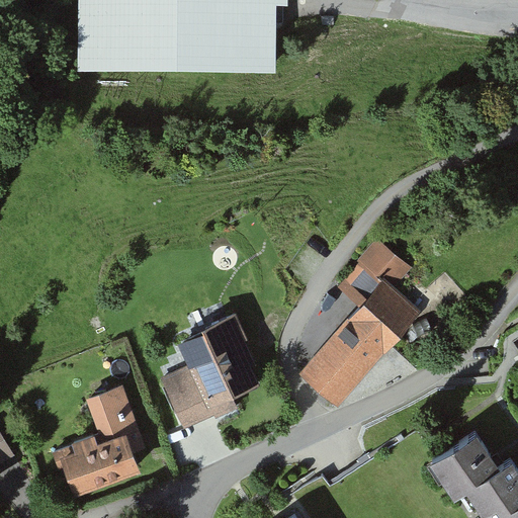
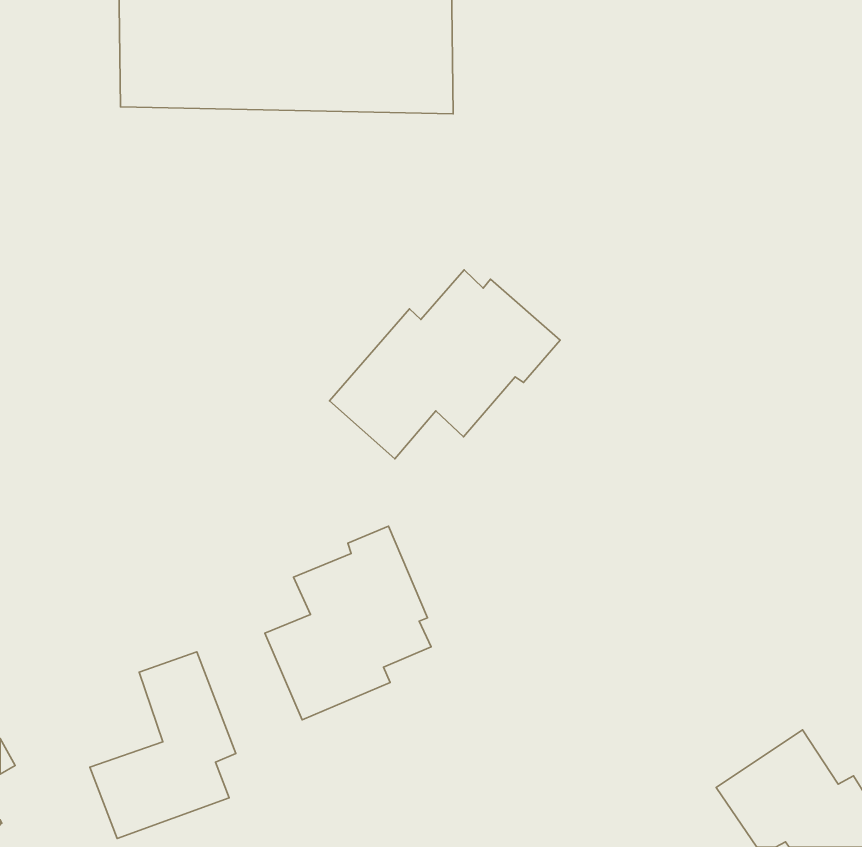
building: none -> [329,270,560,459]
building: [297,237,422,409] -> none

